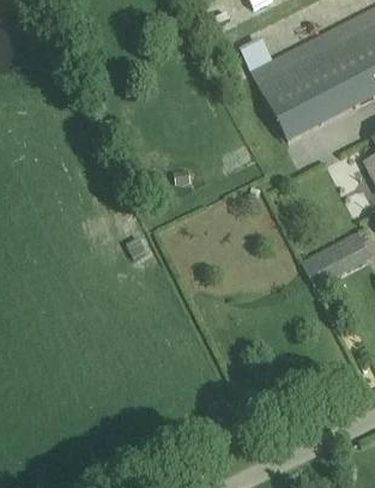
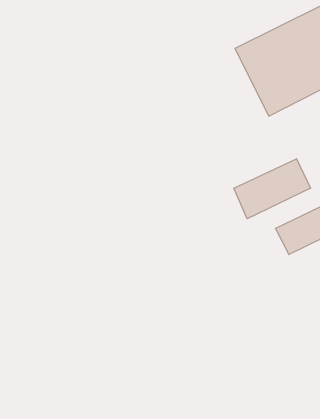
building: none -> [234,159,311,219]

